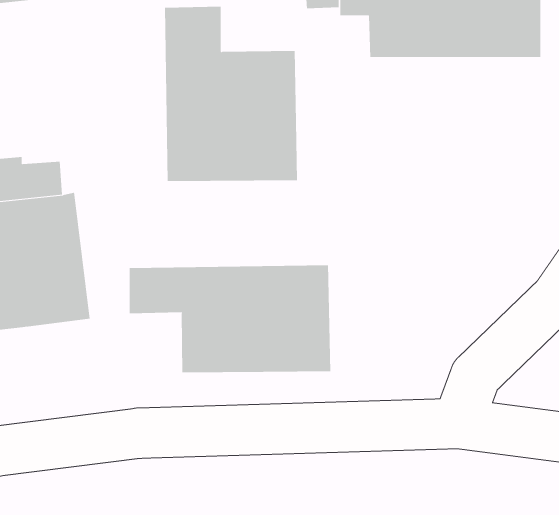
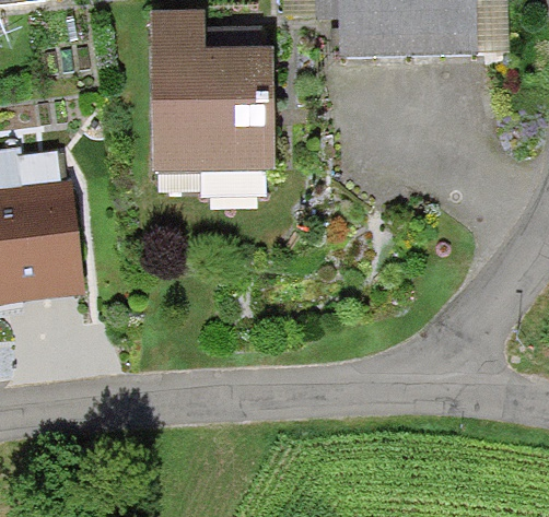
building: [129,265,331,373] -> none

